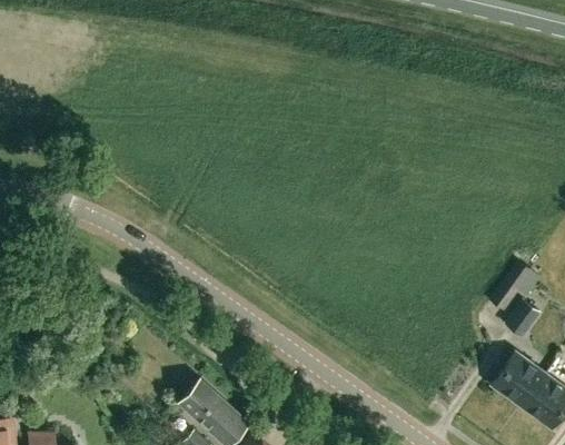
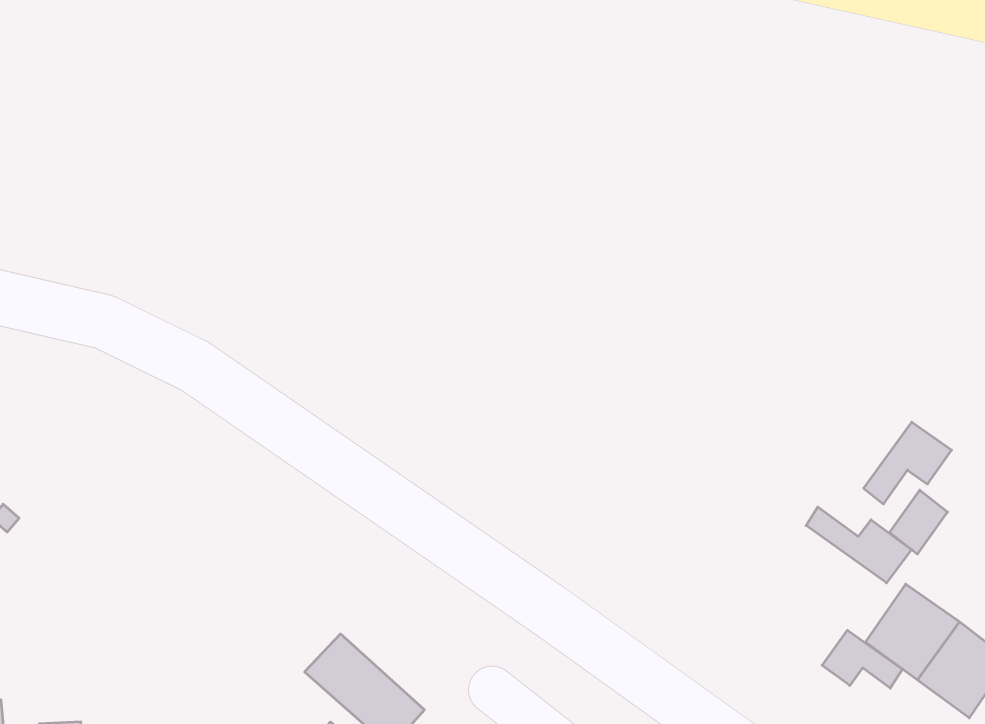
building: none -> [806,507,912,583]
building: none -> [822,630,903,688]

